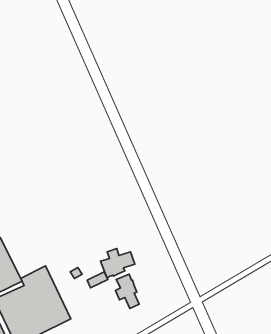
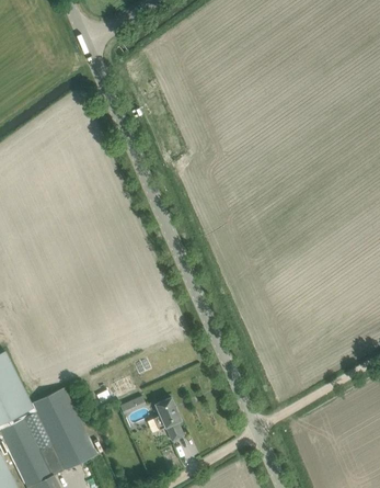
building: [100,248,135,277] -> none

